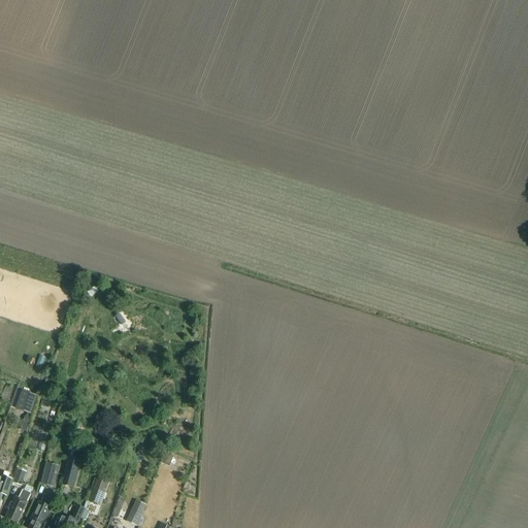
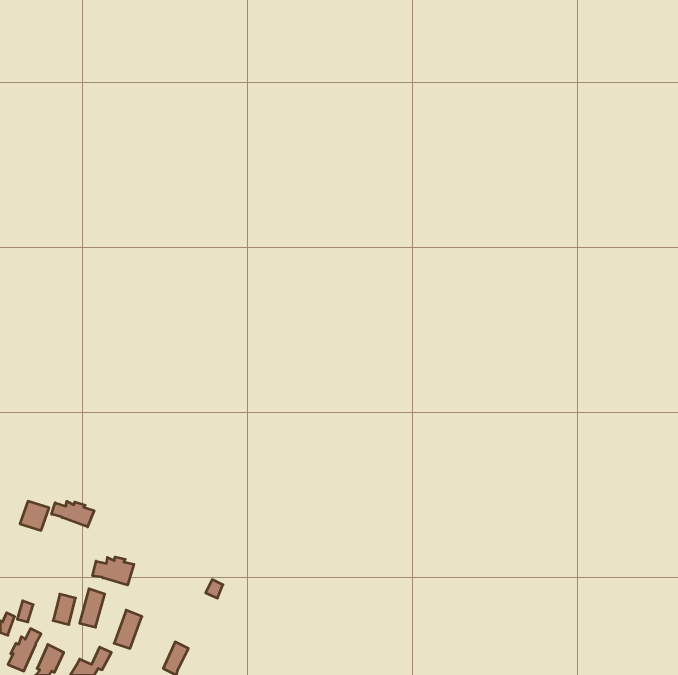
building: none -> [52,501,94,527]
building: none -> [93,557,134,585]

